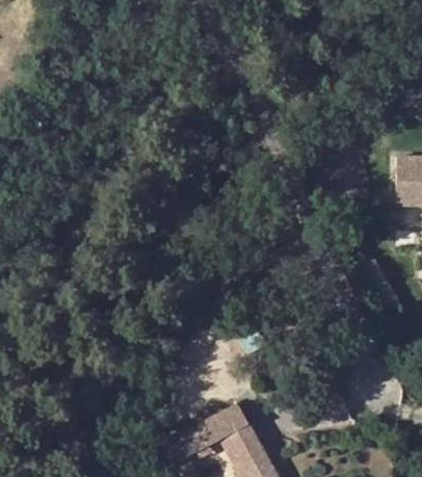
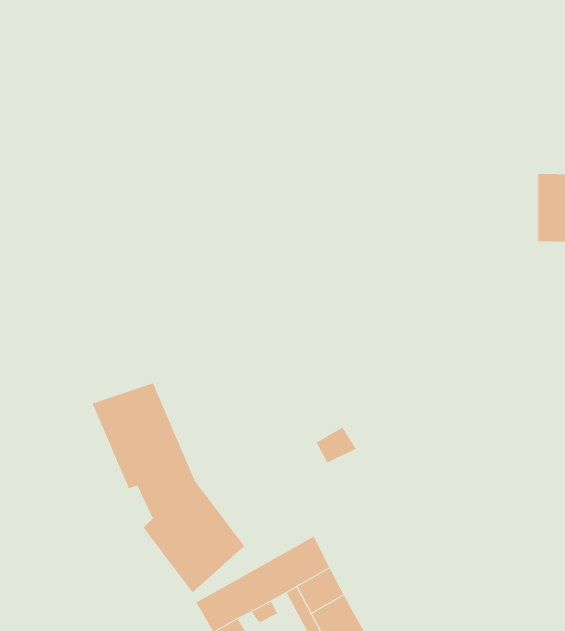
building: none -> [92,383,245,593]

